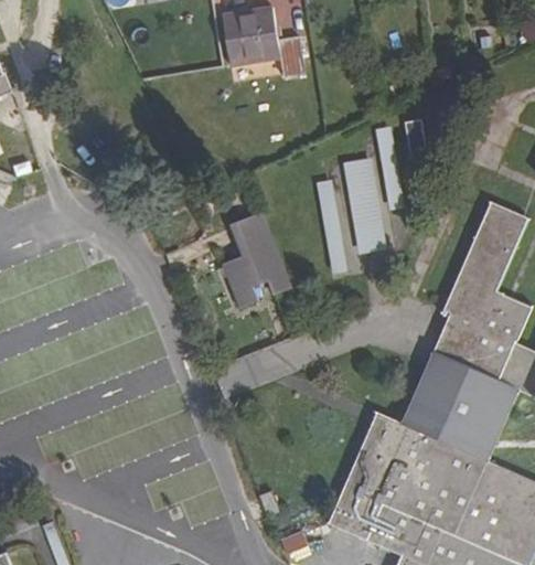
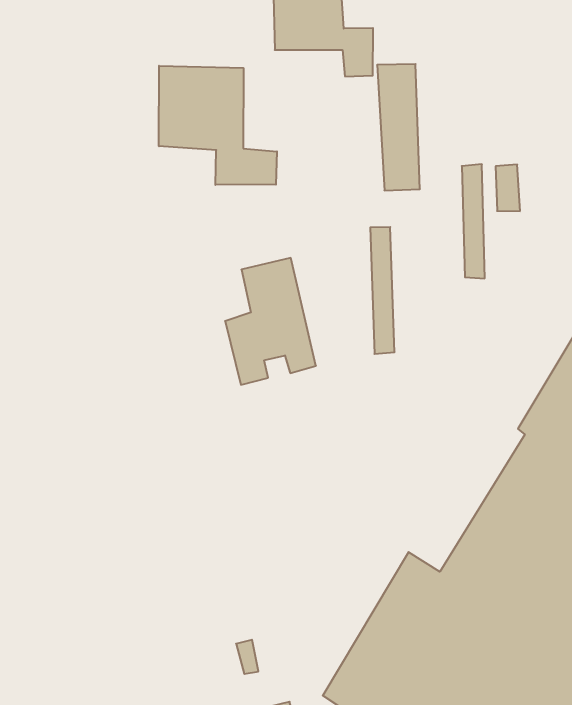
building: none -> [159,66,277,185]
building: [341,160,384,254] -> [377,64,420,190]

